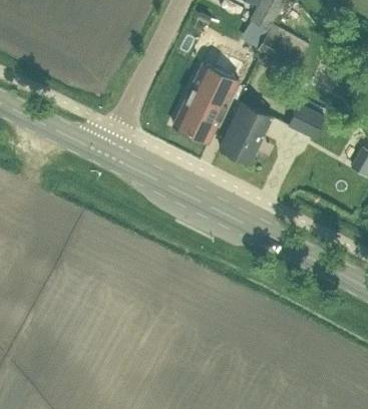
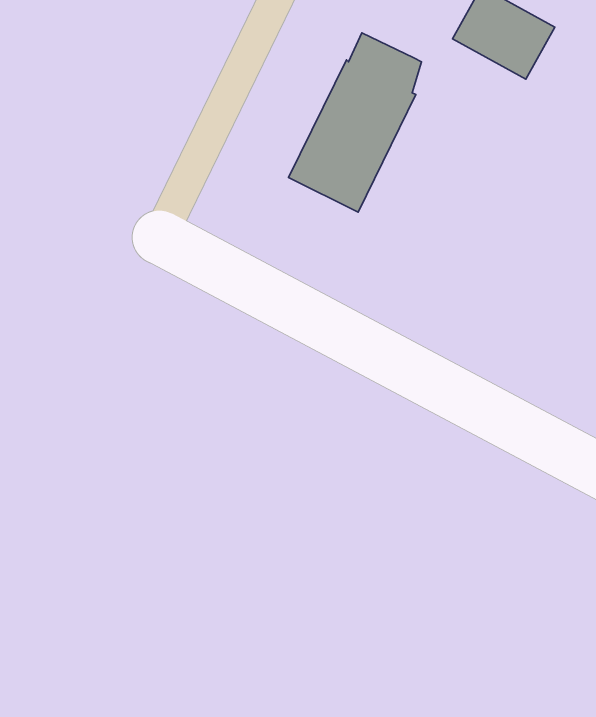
building: [220,95,273,162] -> none
building: [288,104,325,139] -> none

